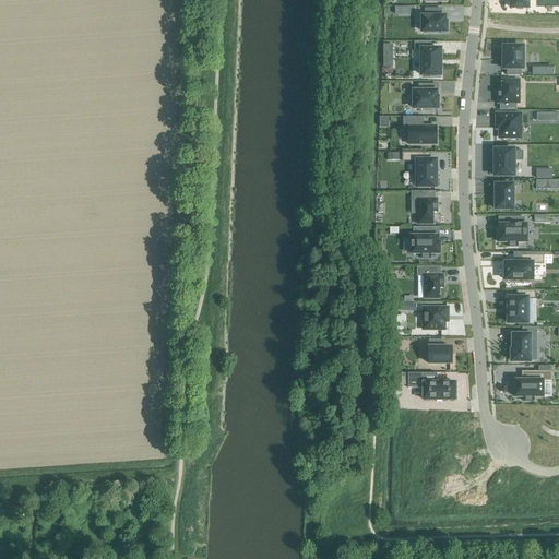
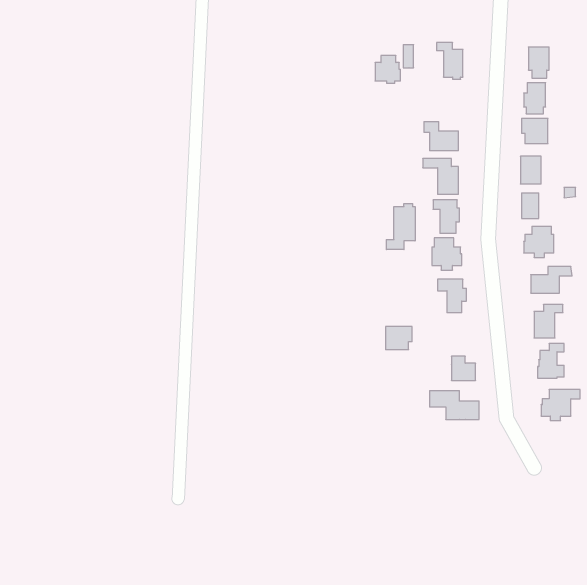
building: [421,7,447,29] -> none
building: [414,83,438,109] -> [375,56,400,83]
building: none -> [386,204,415,250]
building: [423,306,448,328] -> [386,327,412,350]

